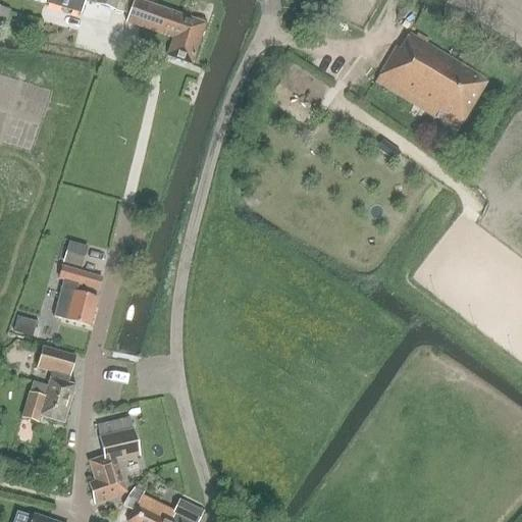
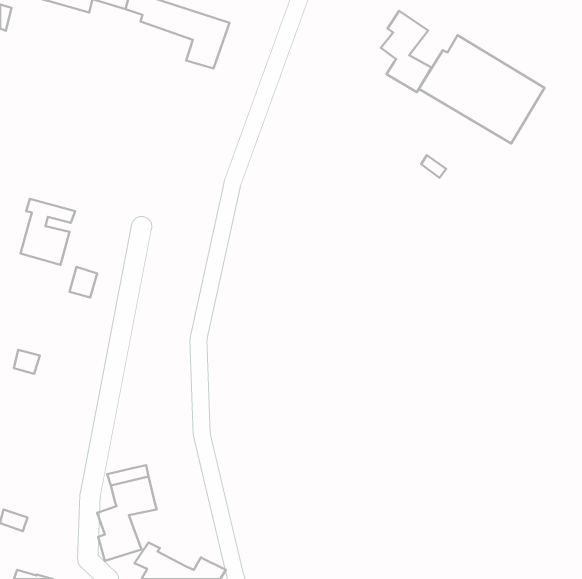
building: none -> [381,11,432,92]
building: [56,266,105,325] -> [21,199,75,265]
building: [21,346,74,420] -> none

